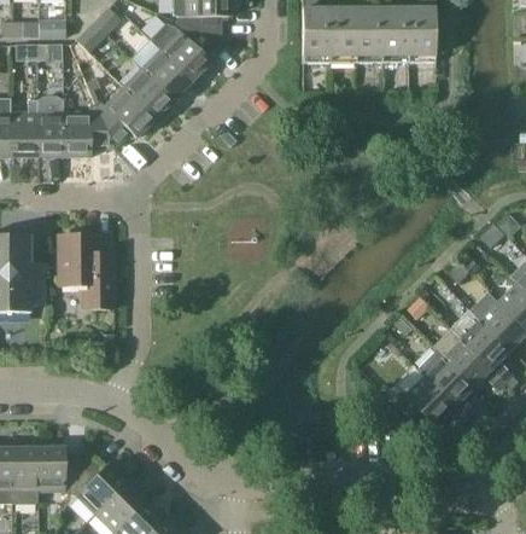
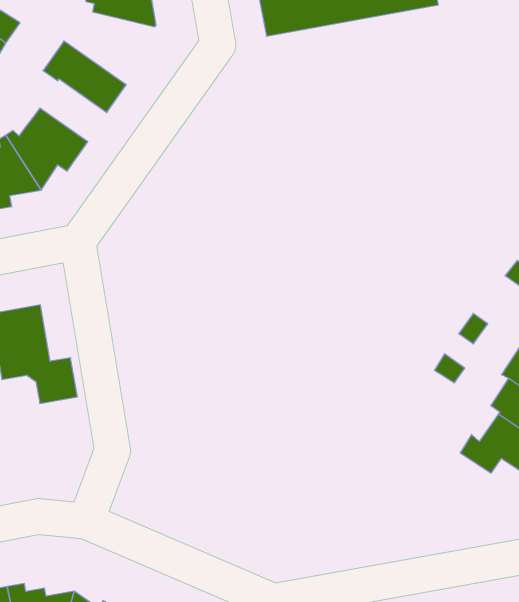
building: [148,22,220,81] -> none
building: [123,68,173,118] -> none

